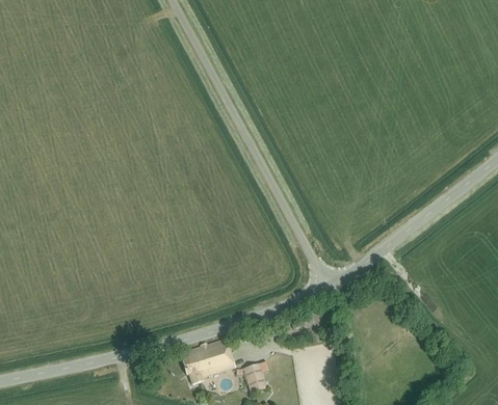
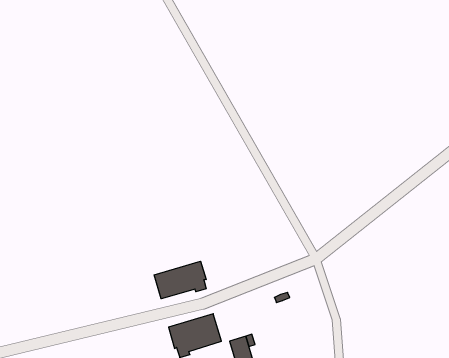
building: none -> [154,261,206,299]

